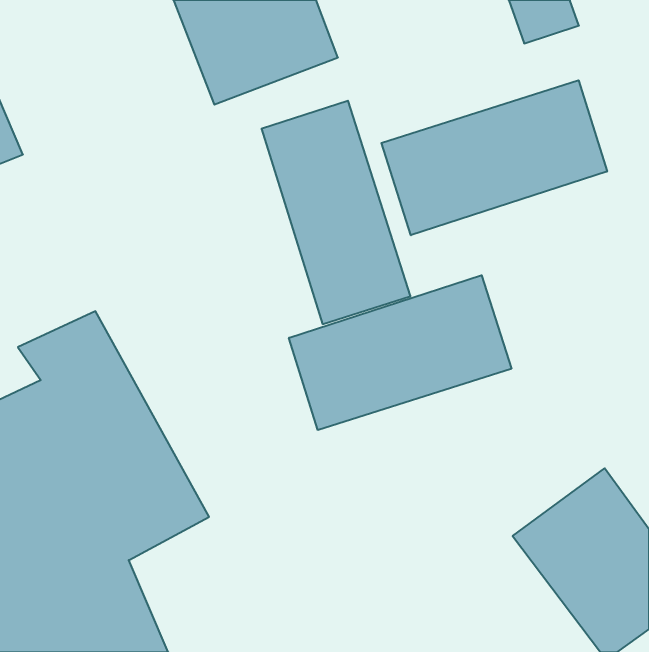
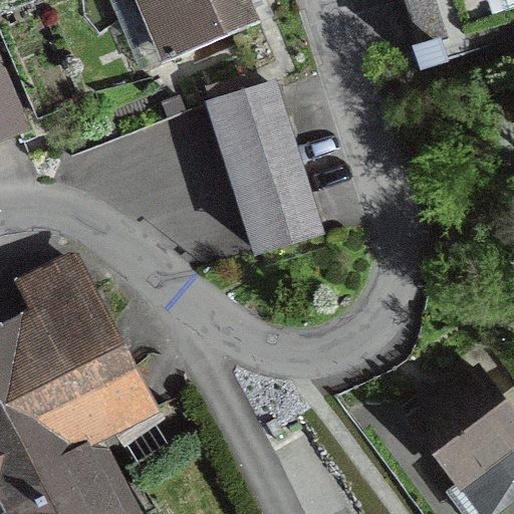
building: [381,80,607,235] -> none
building: [289,275,511,430] -> none

